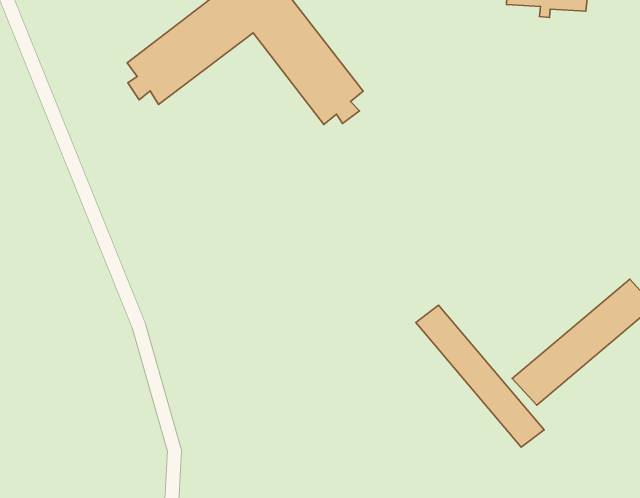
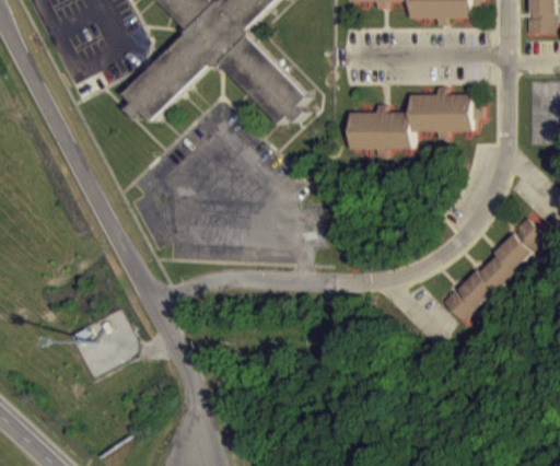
building: none -> [349,86,470,150]
building: [416,305,544,447] -> none

